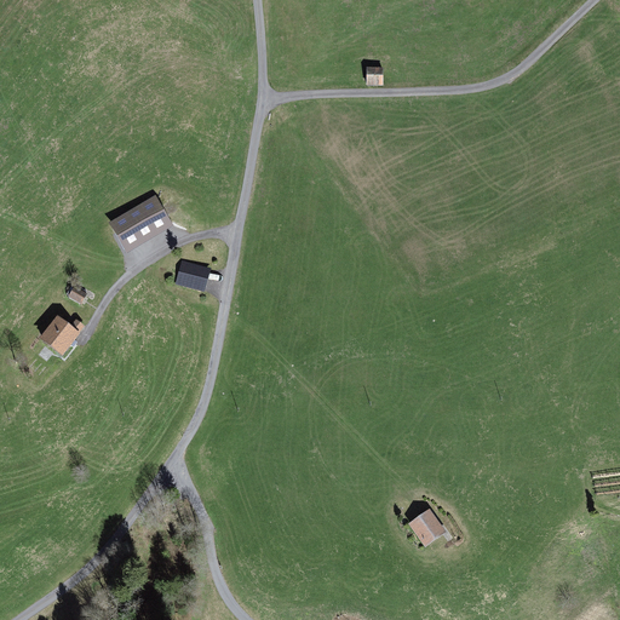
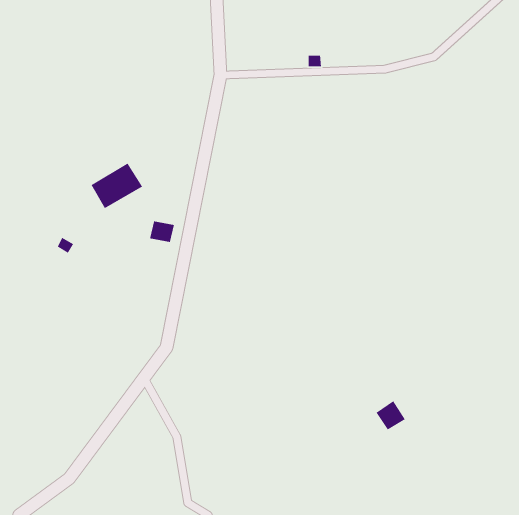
building: [42,317,78,351] -> none
building: [409,506,446,542] -> [375,400,406,431]

